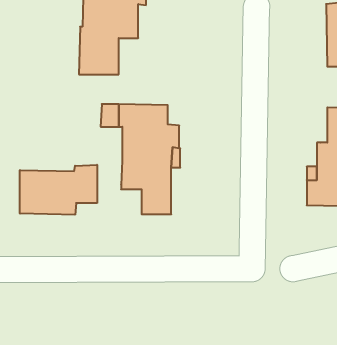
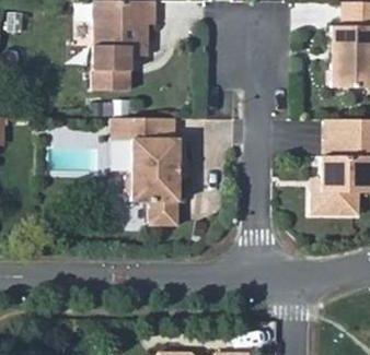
building: [20,165,97,215] -> none

